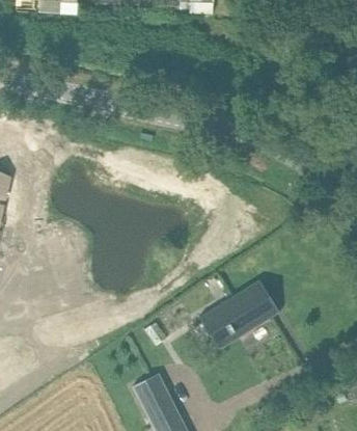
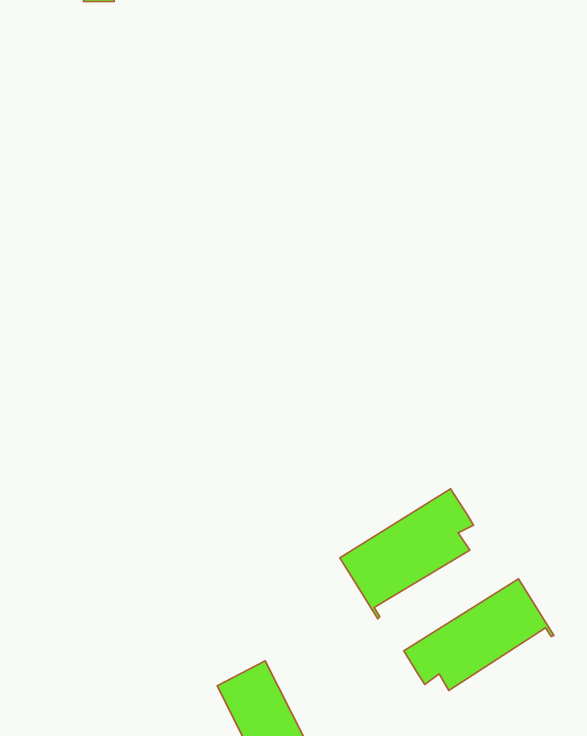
building: none -> [404,579,554,691]

